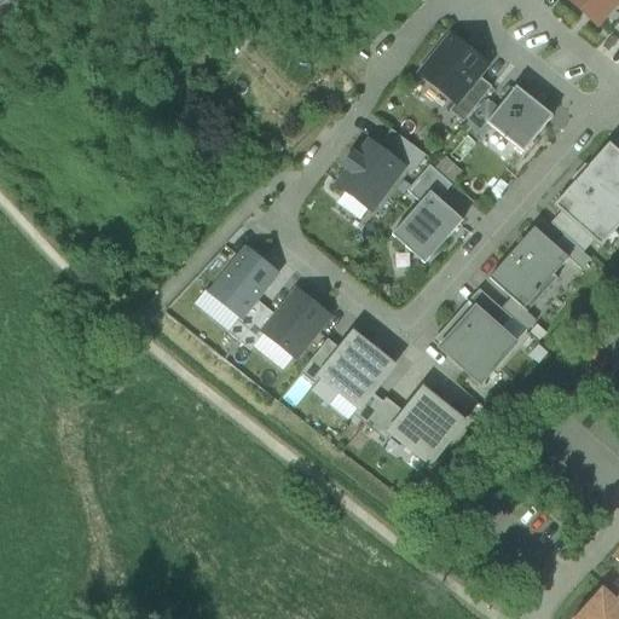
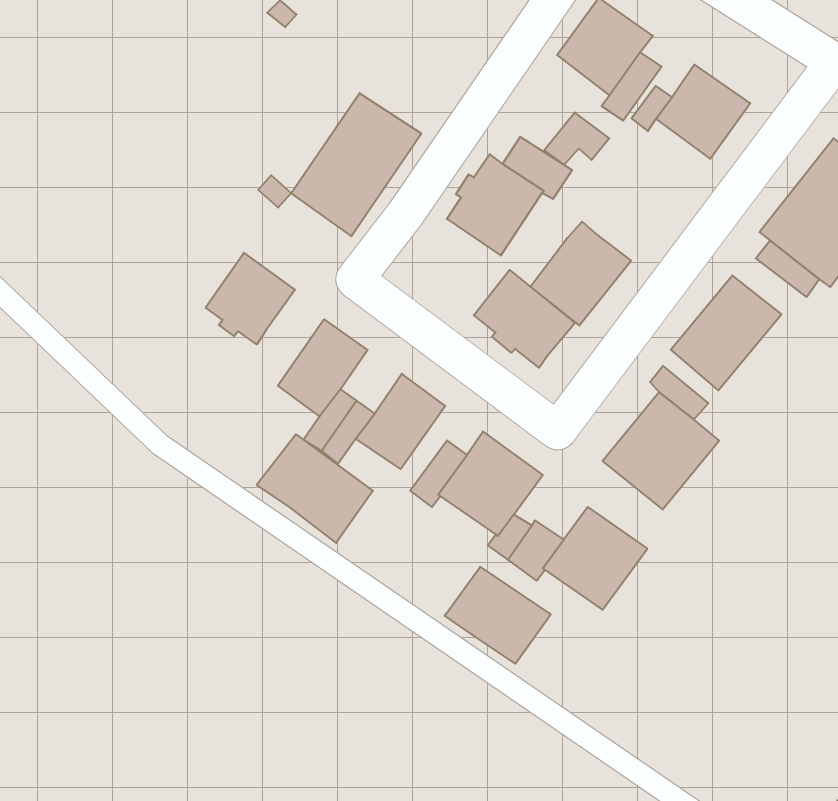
building: none -> [291,93,421,236]
building: [406,163,452,199] -> [544,112,609,165]
building: none -> [206,253,295,344]
building: none -> [474,270,575,368]
building: none -> [257,434,373,543]
building: none -> [445,567,551,664]

